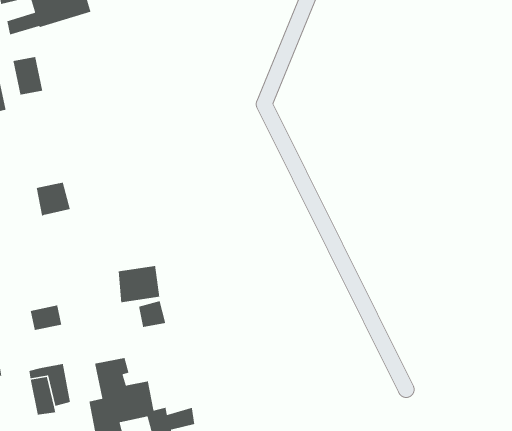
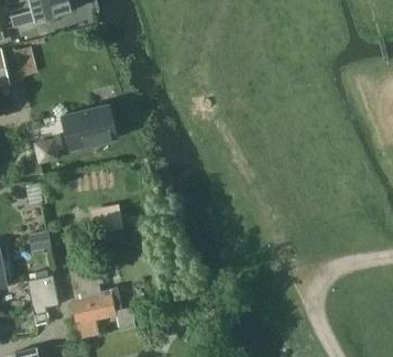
building: none -> [58,104,117,152]

